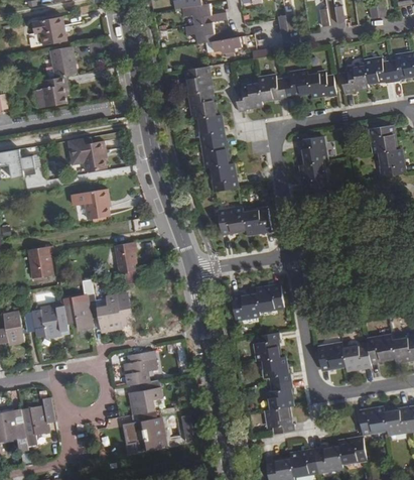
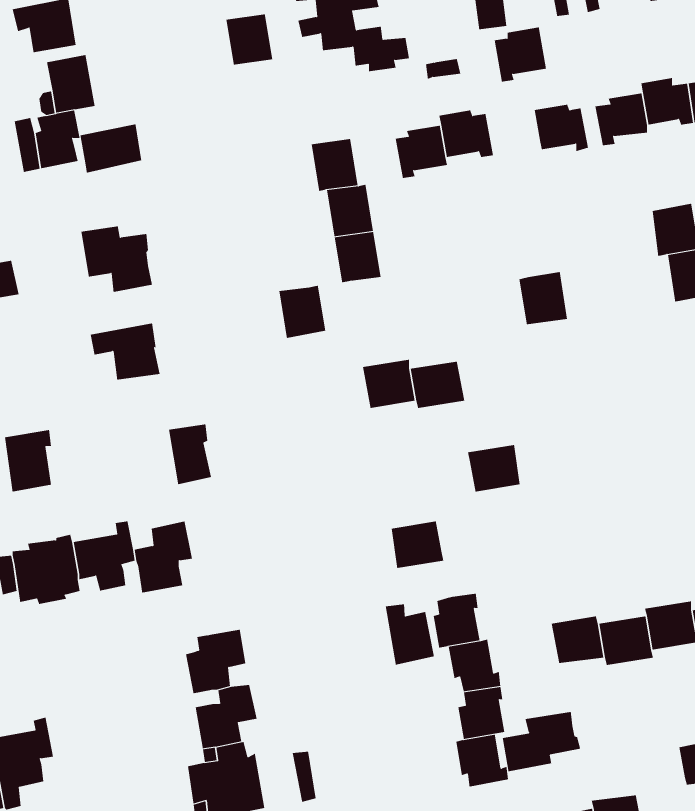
building: [186,67,212,94] -> [226,14,273,65]
building: [283,71,311,100] -> [494,27,547,82]
building: none -> [80,124,142,174]
building: [300,136,326,164] -> none
building: [212,163,237,192] -> [278,285,326,338]
building: [256,284,284,310] -> [467,445,521,492]
building: none -> [385,603,434,666]
building: none -> [502,711,581,772]
building: [359,408,388,434] -> none

